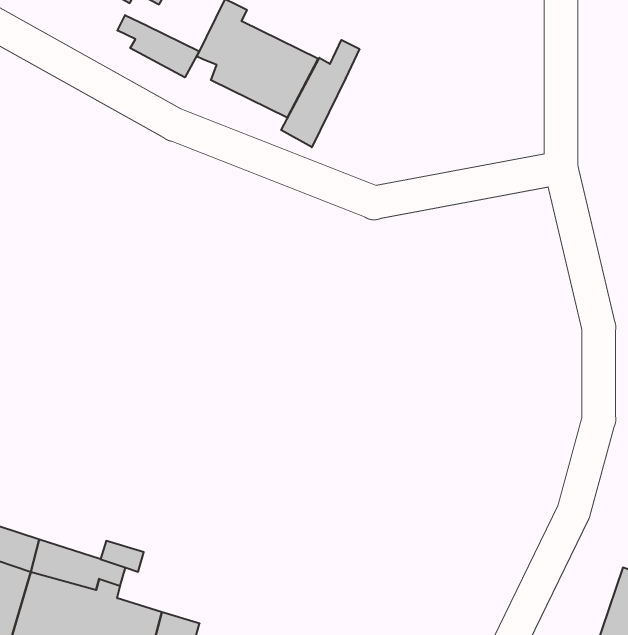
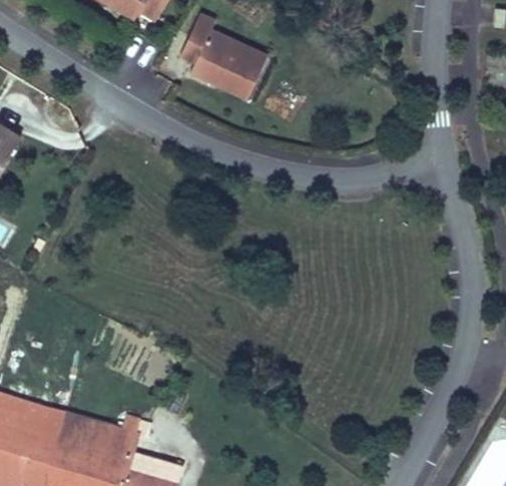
building: [117,15,199,77] -> none
building: [281,40,359,147] -> none

